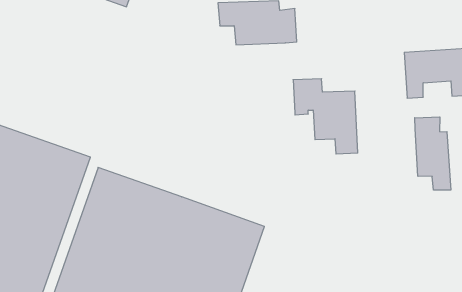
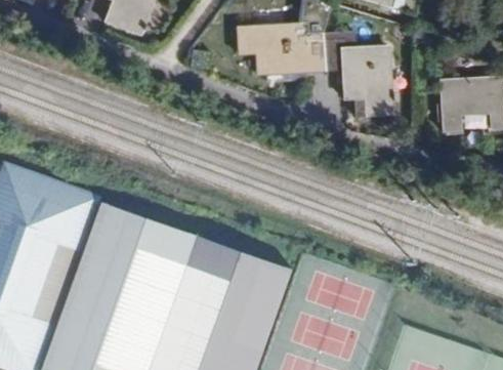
building: [293,79,358,154] -> [321,33,390,114]
building: [415,117,451,190] -> none

